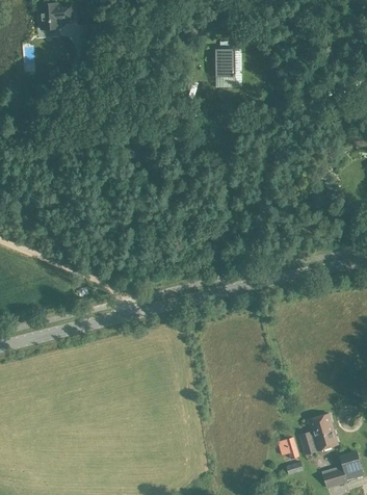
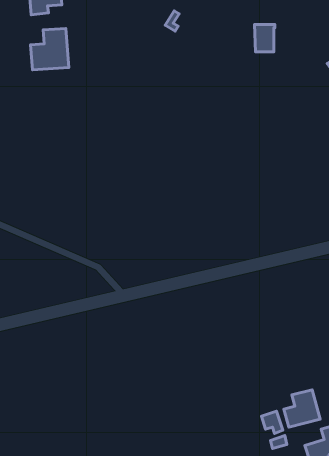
building: none -> [30,28,69,70]
building: [214,49,235,77] -> [254,25,275,52]

